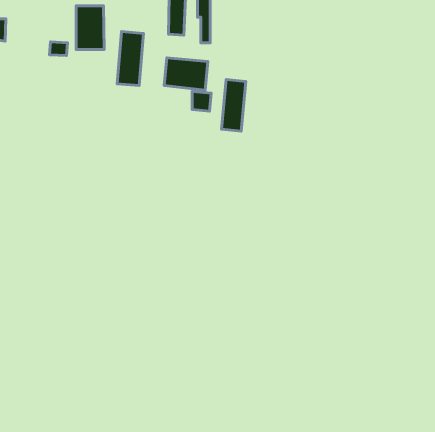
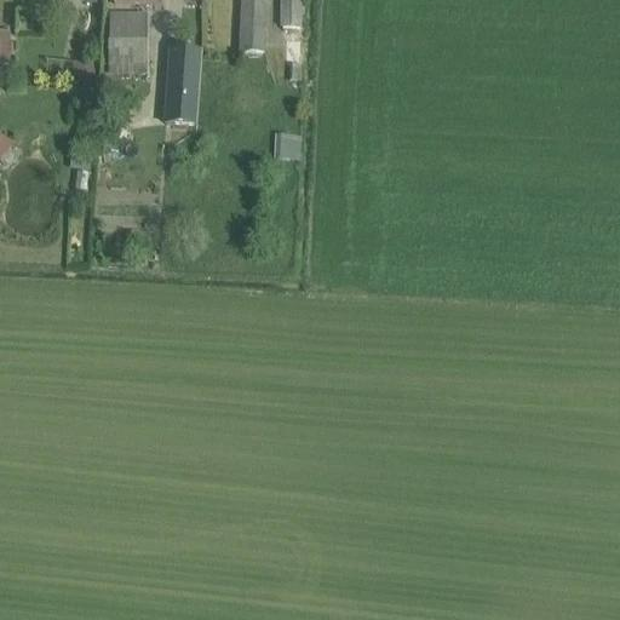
building: [164,58,208,90] -> none
building: [222,79,246,131] -> none

